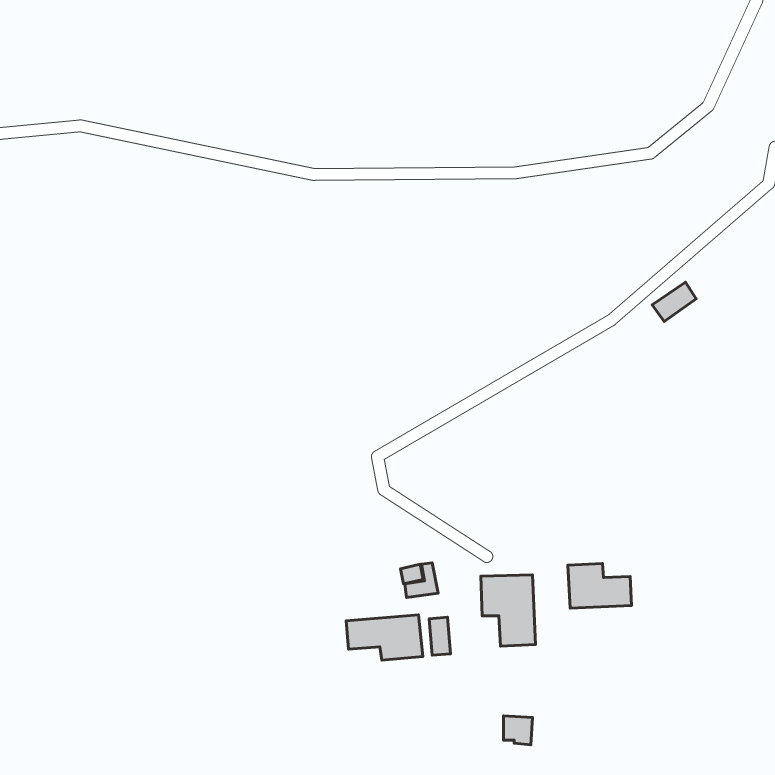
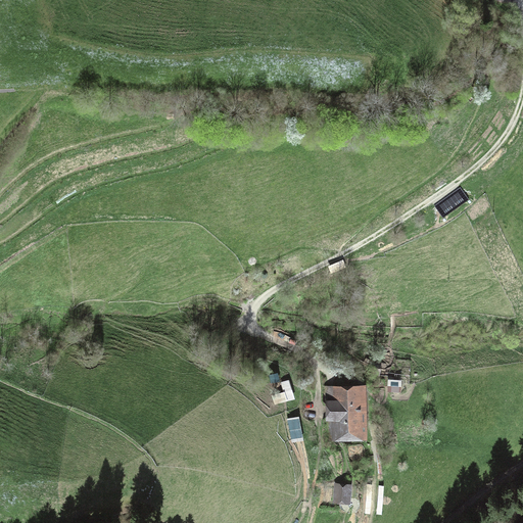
building: [568,564,631,608] -> none
building: [346,615,423,660] -> none

